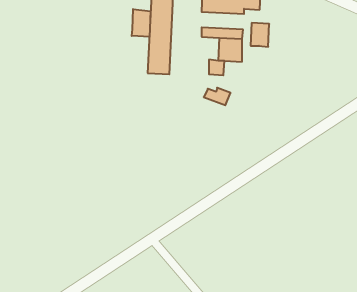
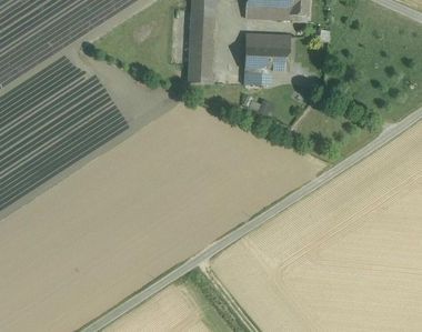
building: [132,9,151,37] -> none
building: [251,23,269,47] -> [244,43,264,69]

